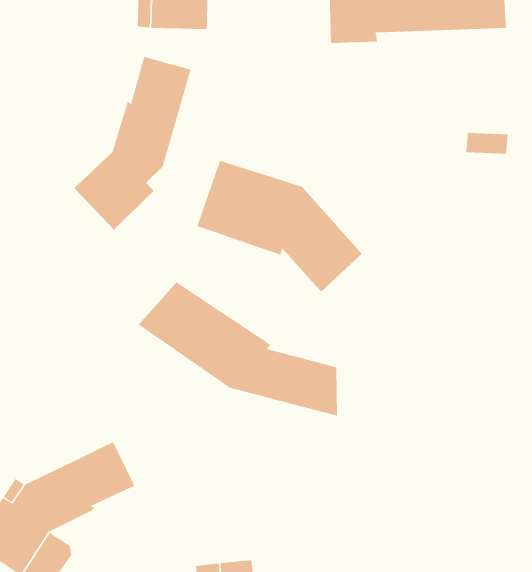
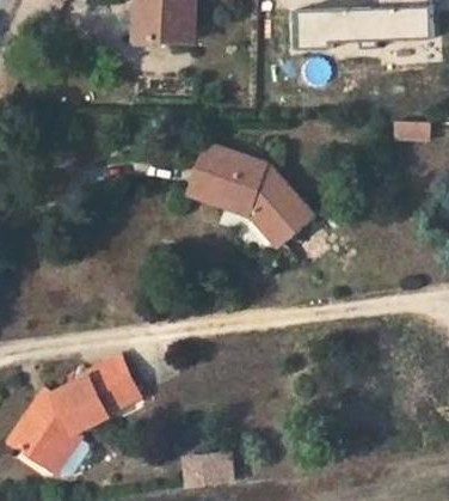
building: [74,56,191,231] -> none
building: [138,282,338,416] -> none

